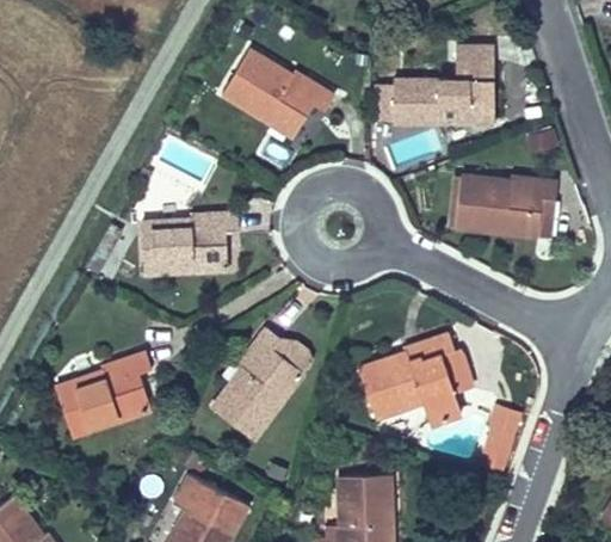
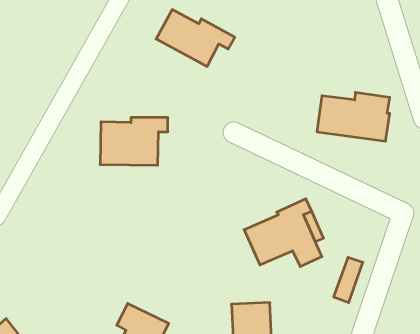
building: [393,47,501,125] -> none
building: [211,326,313,441] -> none
building: [55,349,149,437] -> none

